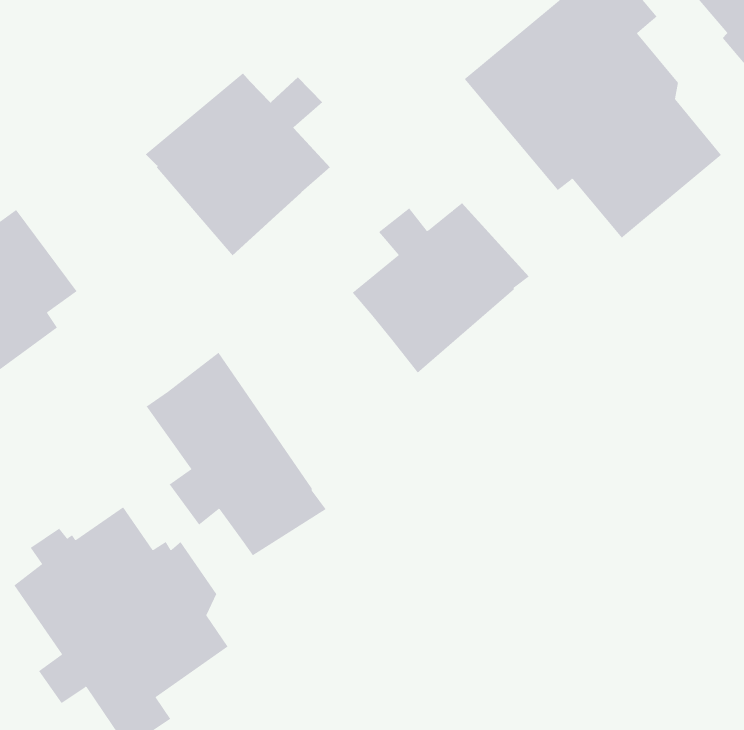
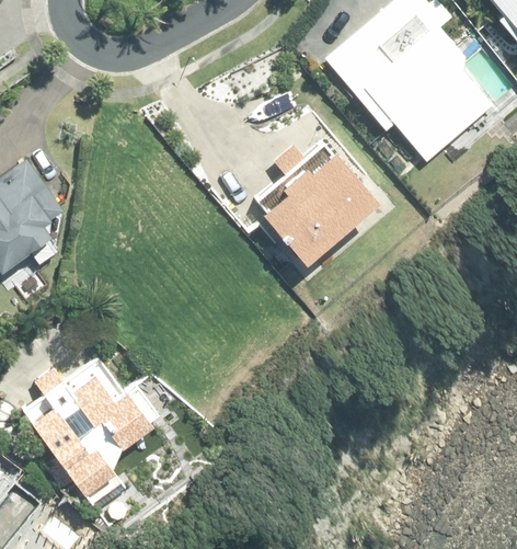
building: [145,73,331,256] -> none
building: [146,352,327,556] -> none

